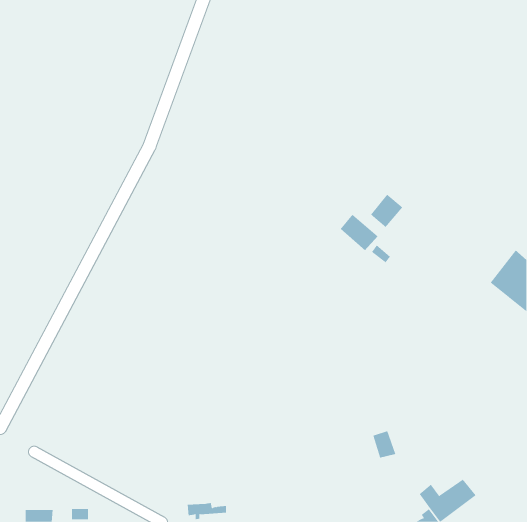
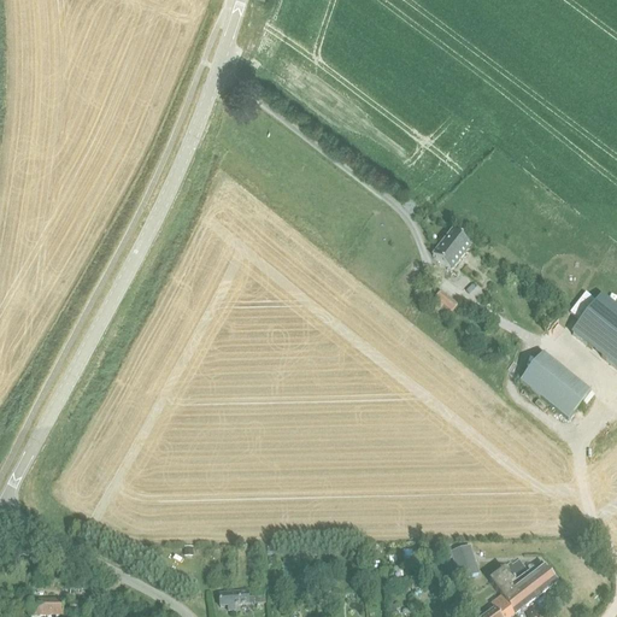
building: [340,214,378,251] -> none
building: none -> [519,349,590,416]
building: [372,430,396,458] -> [451,542,478,575]

